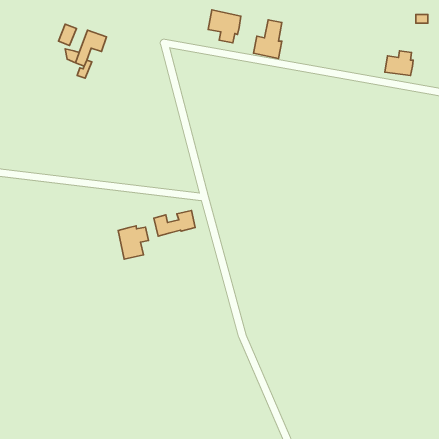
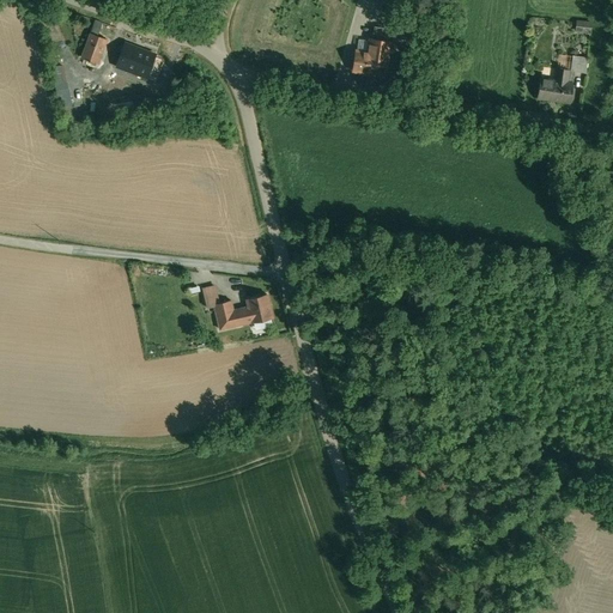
building: [208,10,241,43] -> none
building: [118,226,149,259] -> none

